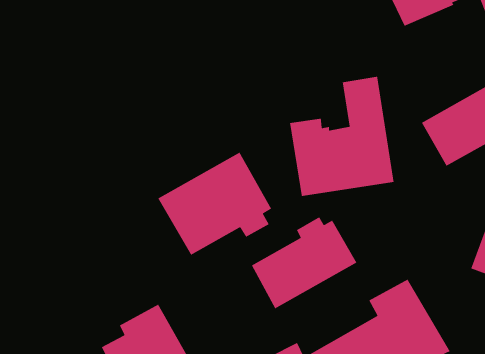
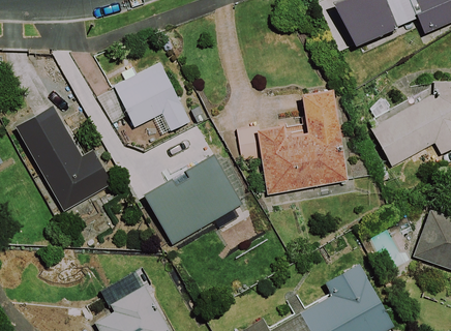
building: none -> [114,61,191,131]
building: none -> [14,104,113,211]
building: [251,216,357,310] -> none

